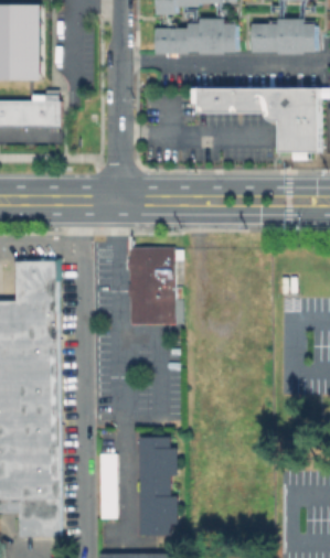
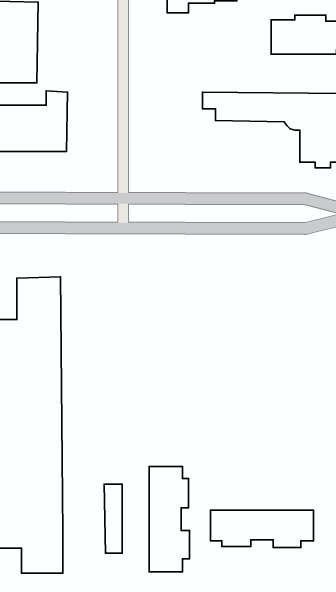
building: [157,17,238,52] -> none
building: [129,247,180,322] -> none
building: none -> [210,510,314,547]

